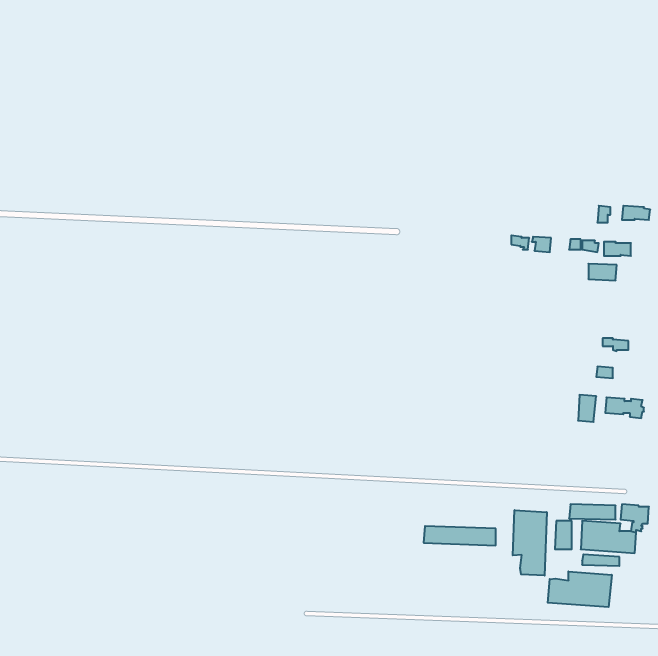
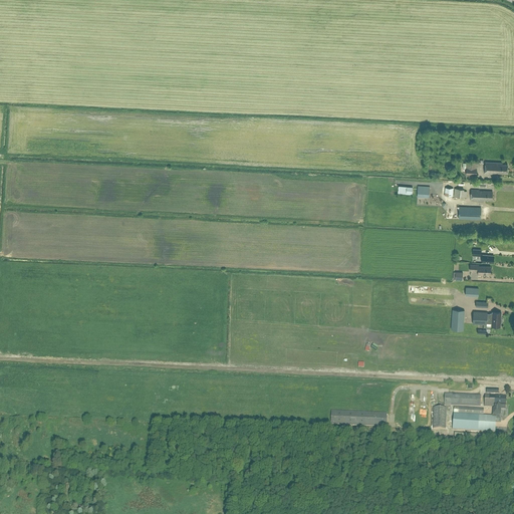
building: [513,510,547,576] -> none
building: [548,571,612,607] -> none

